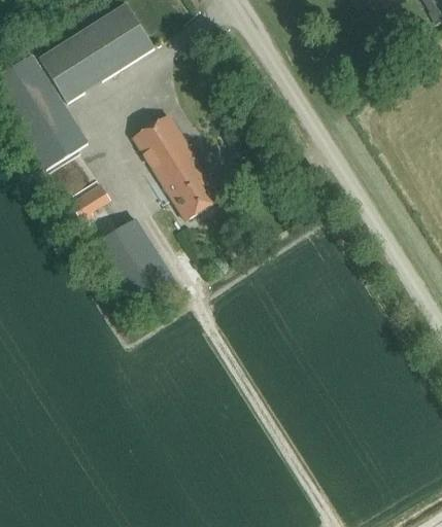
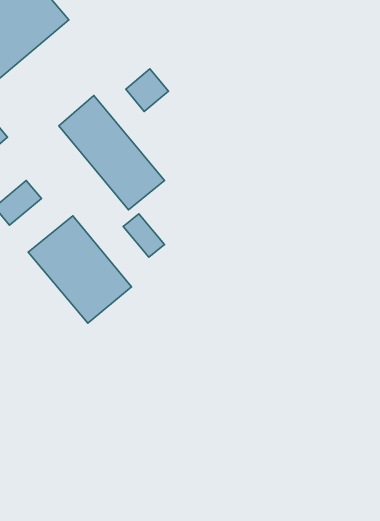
building: none -> [126,69,168,112]
building: none -> [123,214,164,257]

